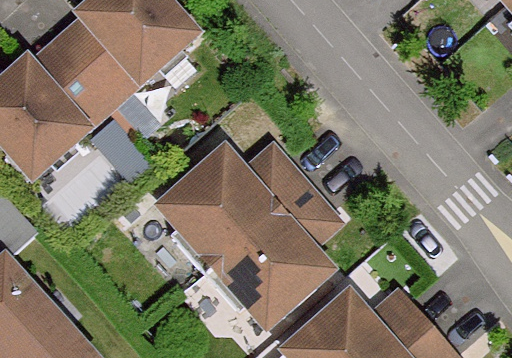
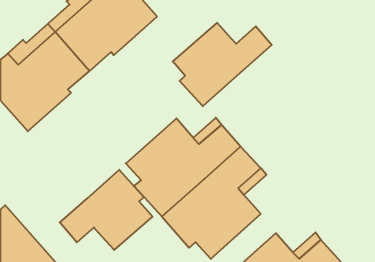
building: none -> [173,23,272,106]
building: none -> [60,170,152,250]

